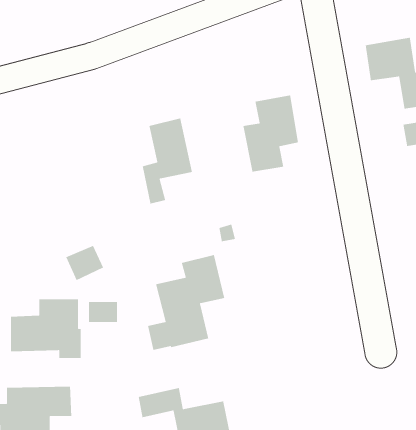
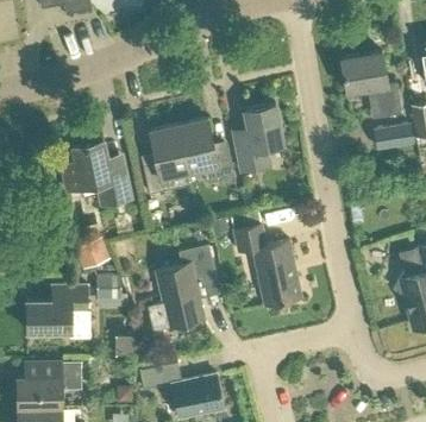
building: none -> [177,118,234,185]
building: none -> [61,140,131,206]
building: none -> [232,225,300,306]

